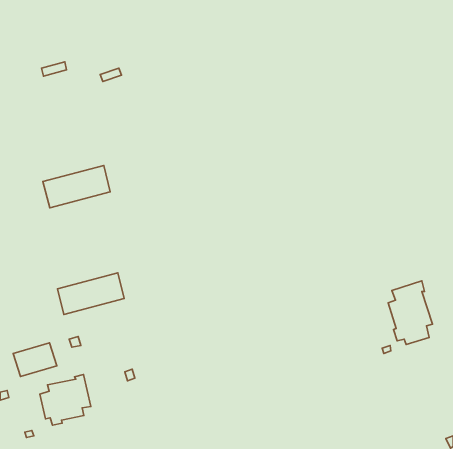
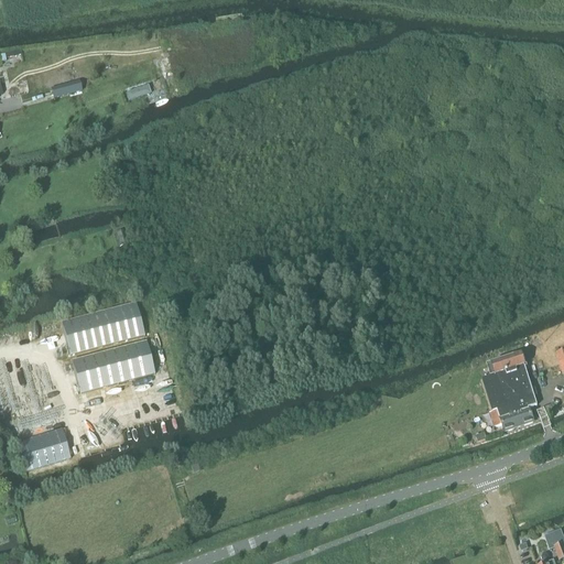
building: [43,165,110,208] -> [61,301,144,354]
building: [40,374,91,425] -> none

